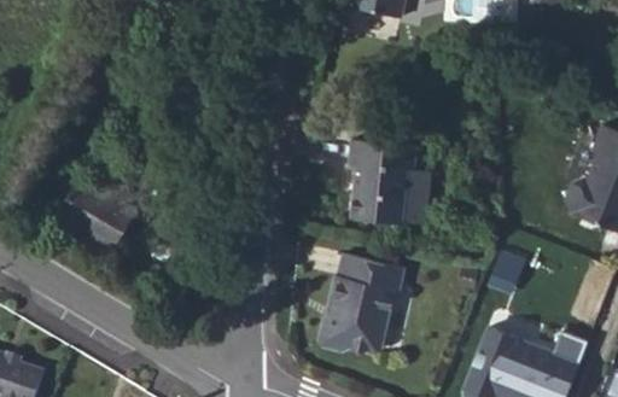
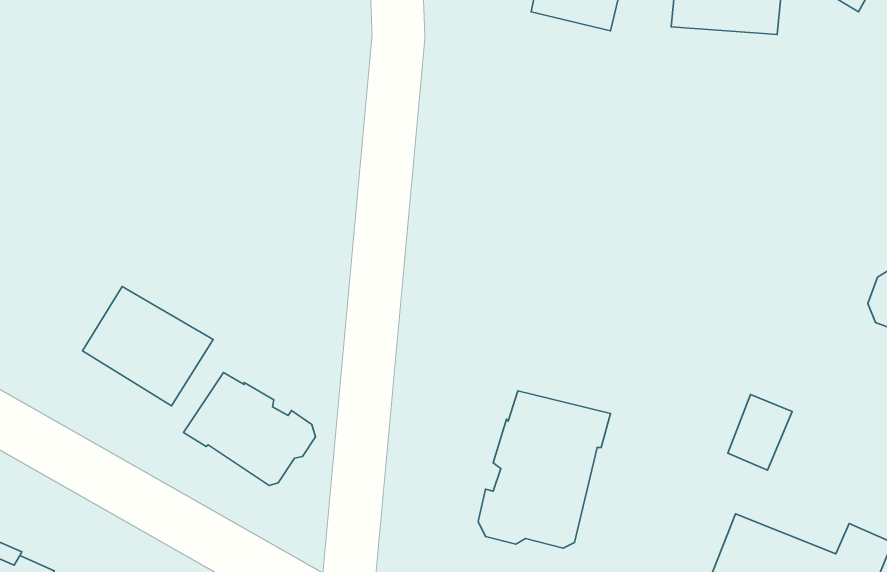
building: [352,138,432,222] -> none
building: none -> [184,373,315,486]

